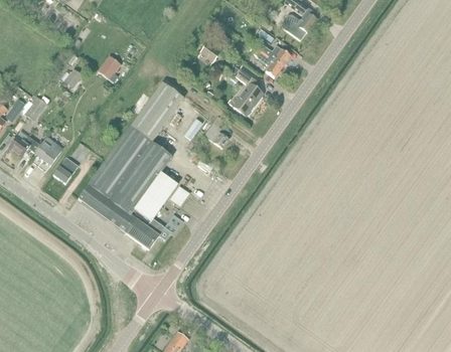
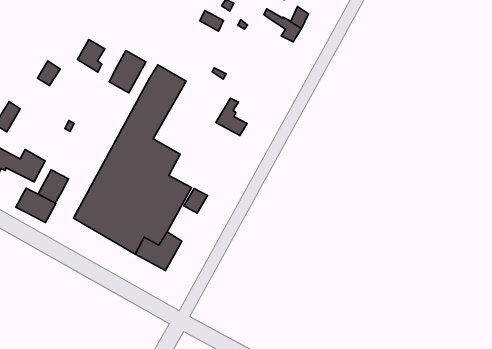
building: none -> [109,51,146,93]
building: [233,68,263,117] -> none
building: none -> [16,188,56,222]

